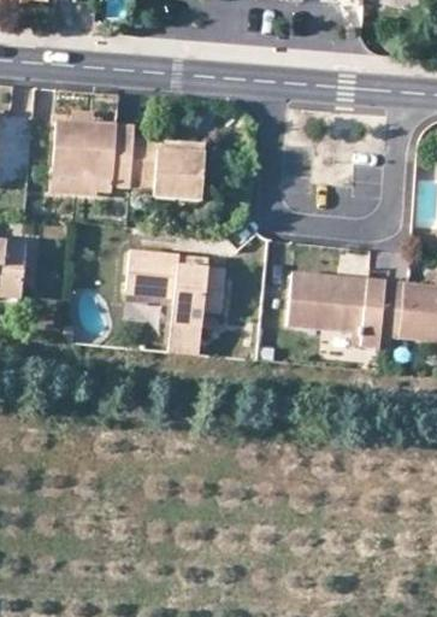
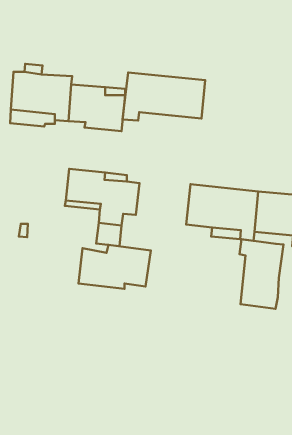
building: none -> [123,72,205,121]
building: none -> [240,239,283,309]
building: none -> [78,245,151,289]

